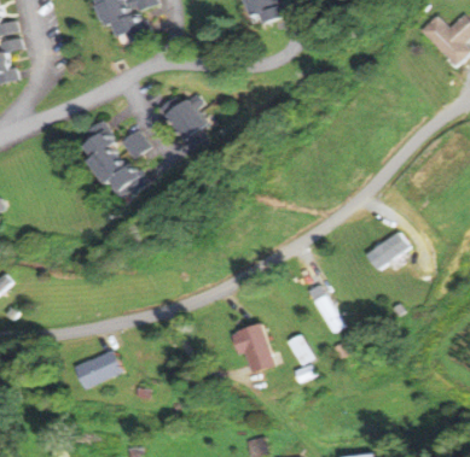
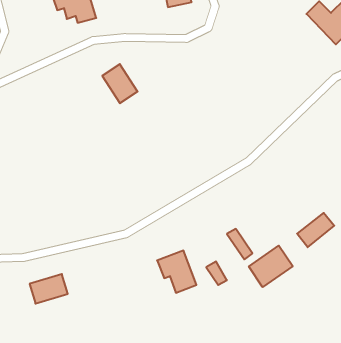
building: [77,131,150,200] -> none
building: [361,229,407,271] -> [297,213,334,247]
building: none -> [249,246,293,287]

